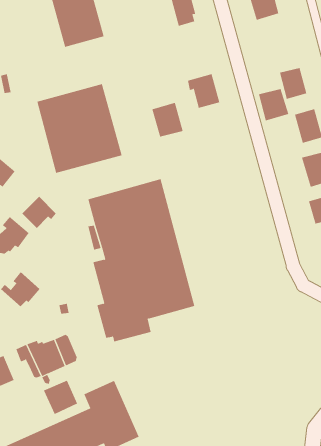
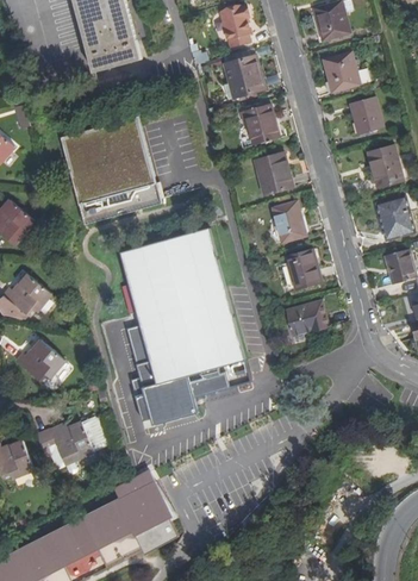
building: none -> [224,55,261,98]
building: [258,88,289,121] -> [323,51,360,90]
building: [152,102,183,137] -> [254,151,292,193]
building: none -> [272,200,305,240]
building: none -> [285,248,322,288]
building: [21,196,57,229] -> none
building: none -> [287,299,327,333]
building: [43,380,78,415] -> none

